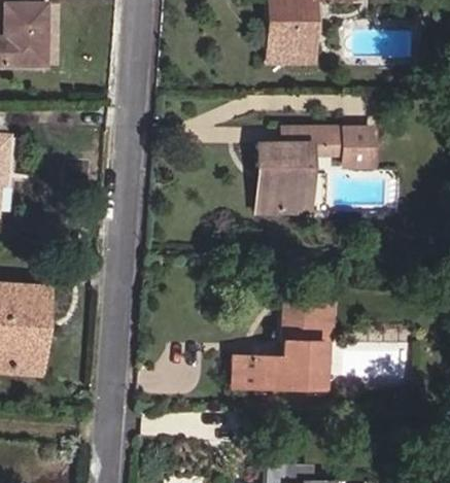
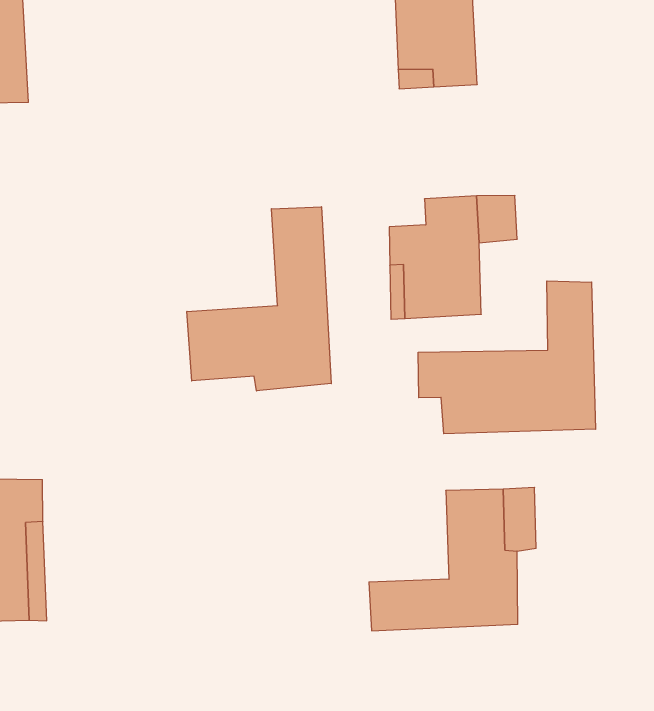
building: none -> [187,207,331,391]
building: [335,134,375,172] -> none
building: none -> [418,281,596,434]

